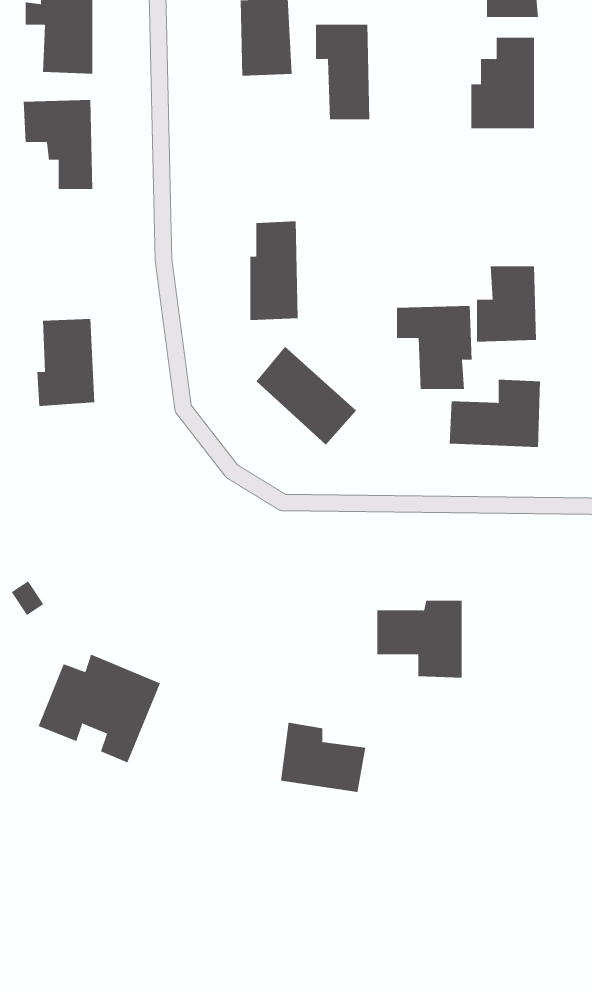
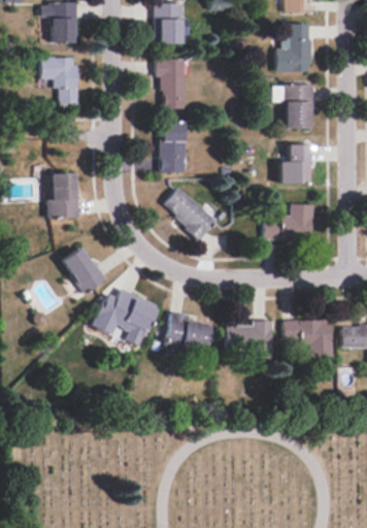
building: [315,24,370,120] -> [156,58,185,108]
building: [396,305,473,389] -> [273,84,313,128]
building: none -> [62,245,105,293]
building: none -> [283,320,331,357]
building: [38,654,161,763] -> [93,288,158,345]
building: [280,722,366,793] -> [166,311,211,349]

